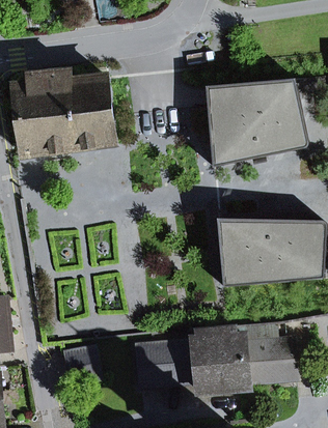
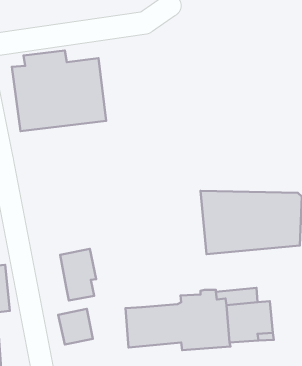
building: [206,78,307,167] -> none
building: none -> [60,249,96,300]

